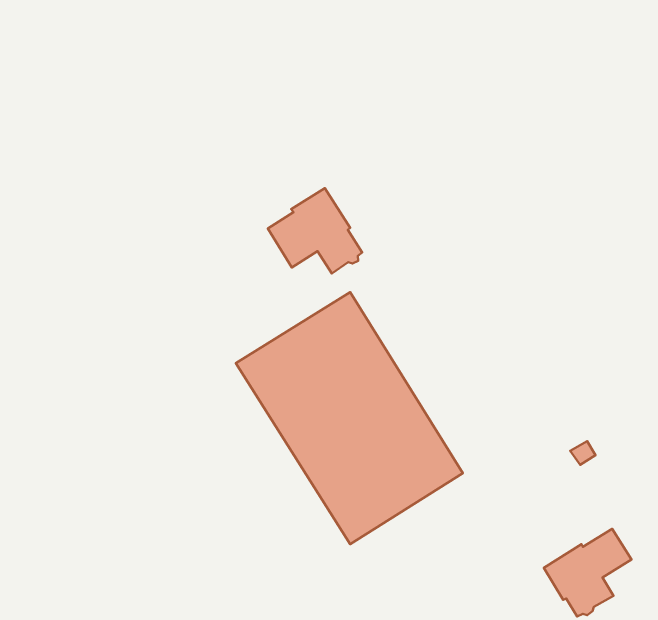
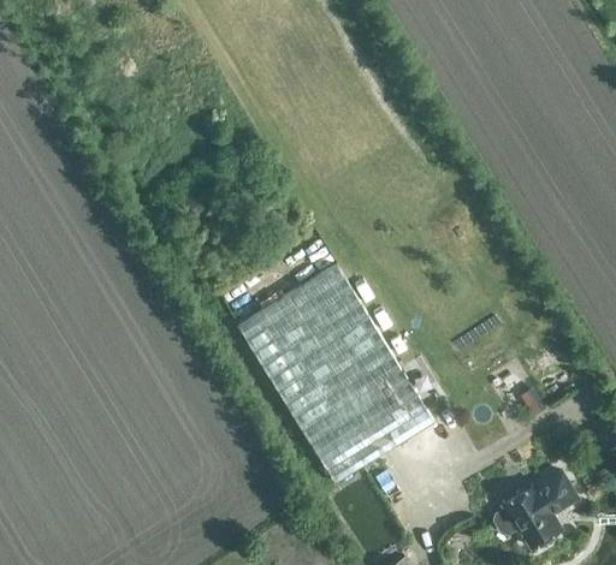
building: [268,188,362,274] -> none

